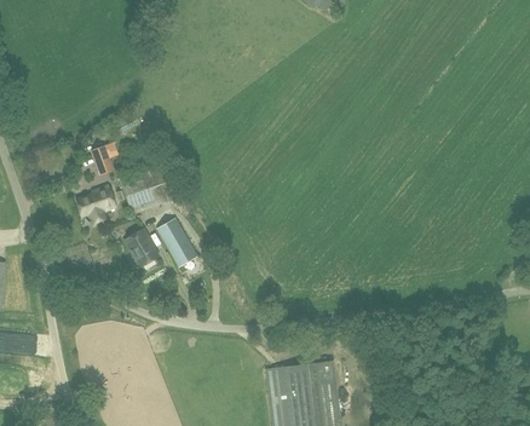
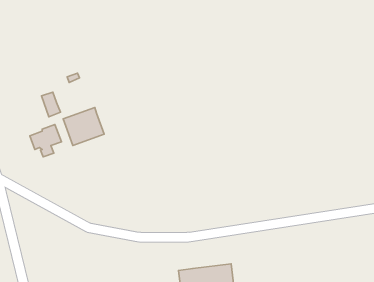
building: [156,217,197,266] -> none
building: [125,229,159,266] -> none

